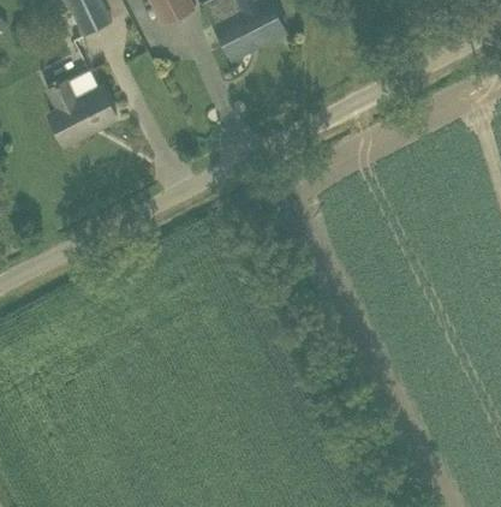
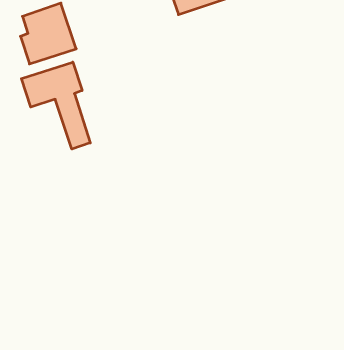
building: none -> [21,62,90,149]

